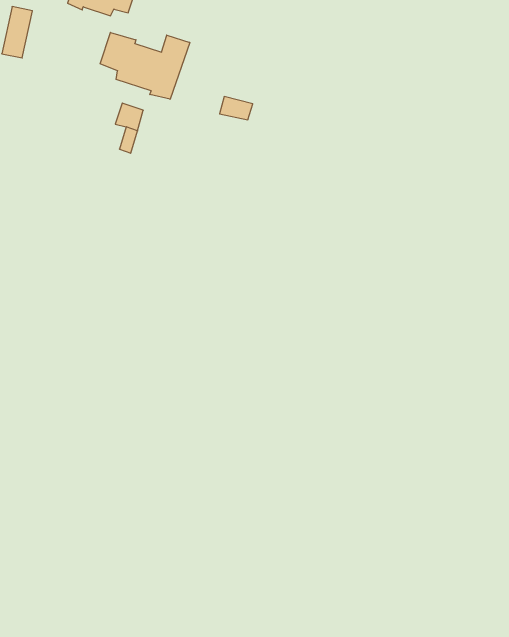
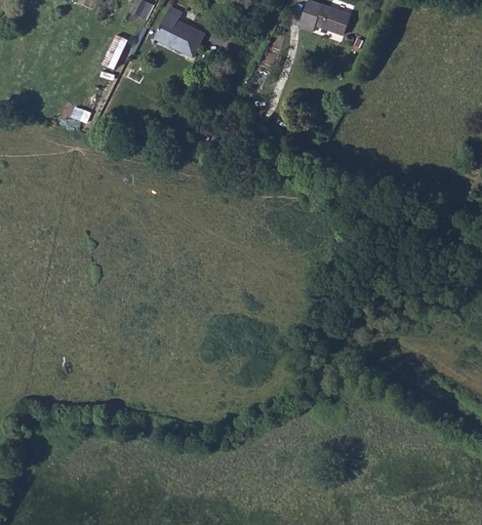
building: [100,32,190,99] -> none

